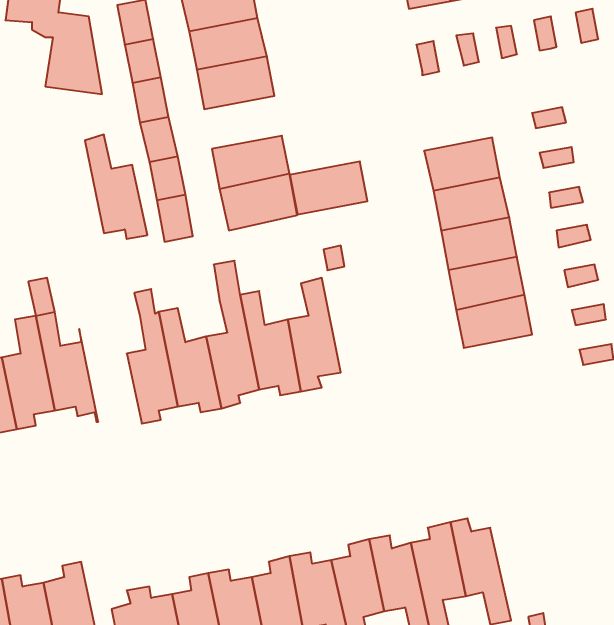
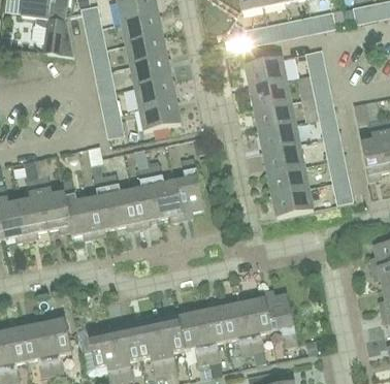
building: none -> [245,58,286,87]
building: [85,135,147,239] -> [61,181,95,237]
building: [290,161,367,215] -> [129,57,171,86]
building: none -> [270,187,313,216]

